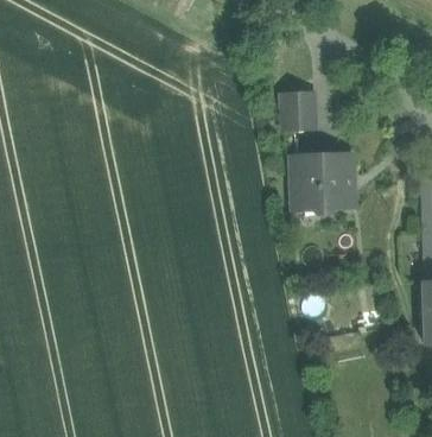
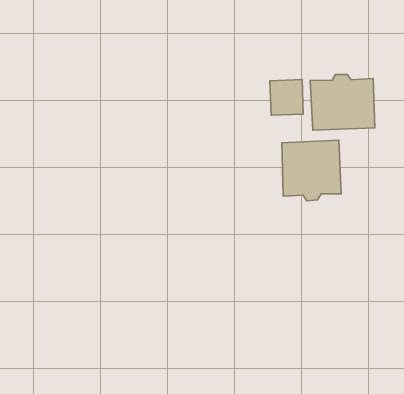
building: none -> [310,74,375,130]

